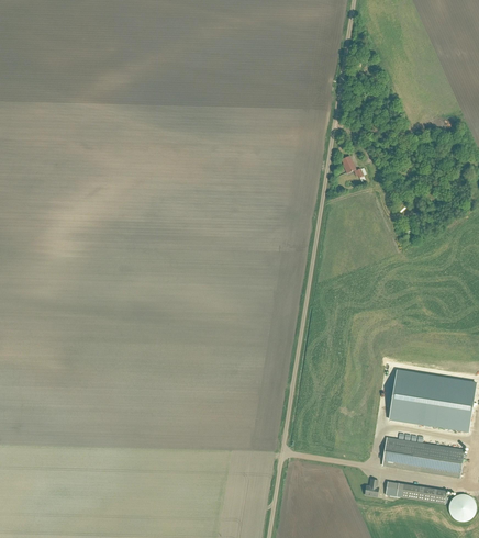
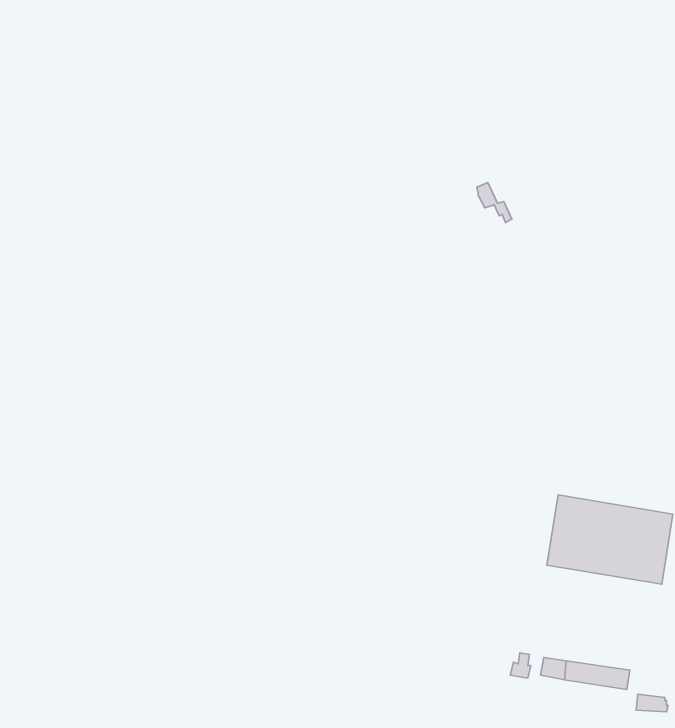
building: [381,437,464,475] -> none

